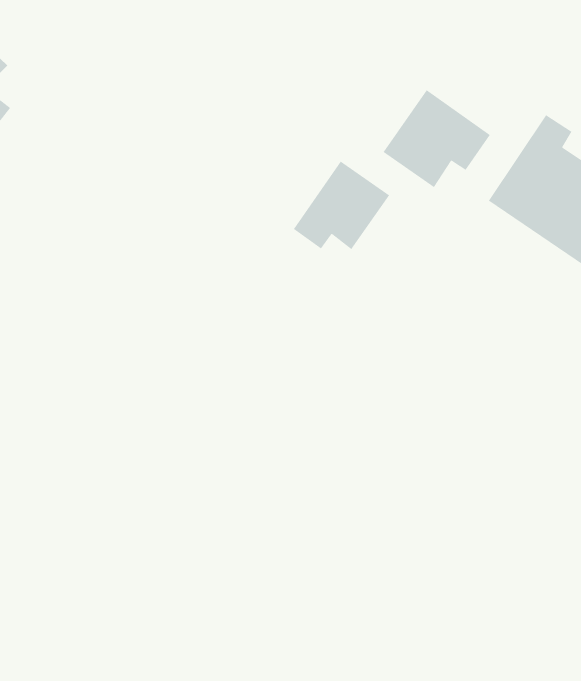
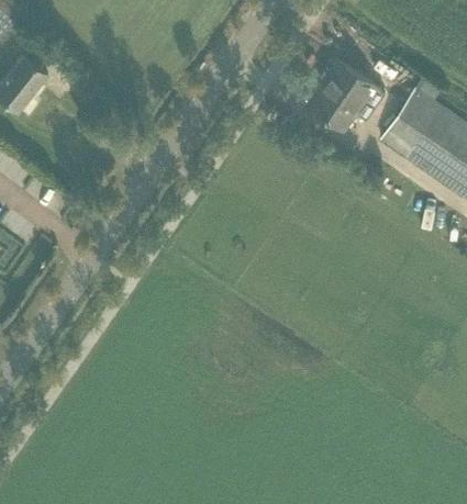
building: [293,160,390,250] -> none

